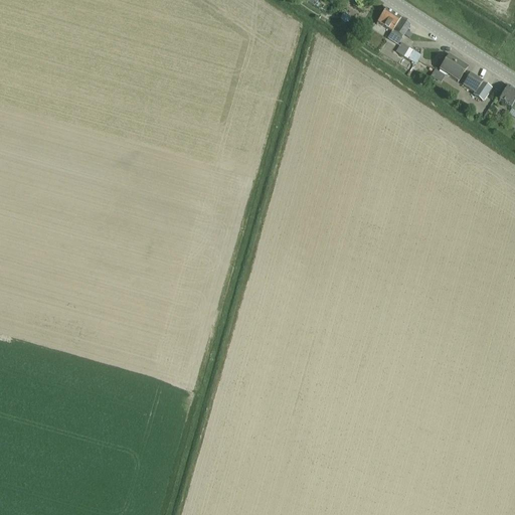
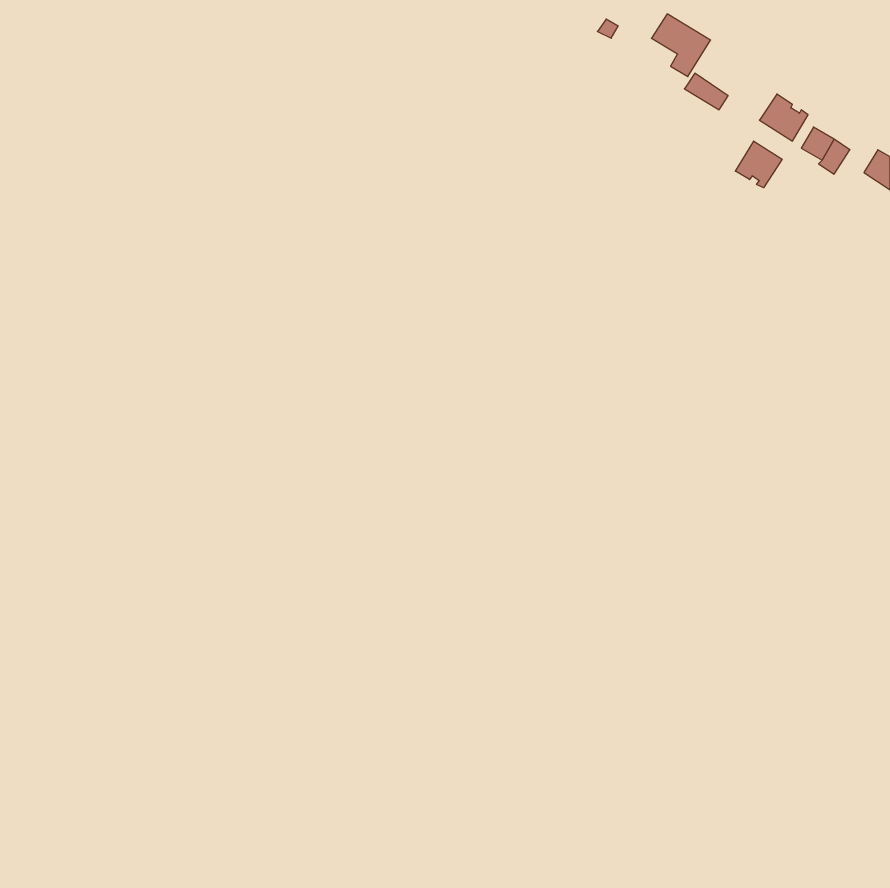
building: none -> [735,141,782,188]

